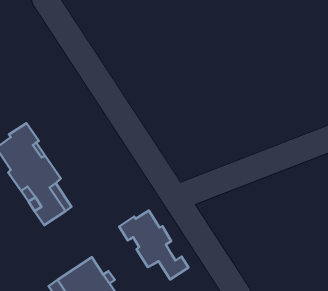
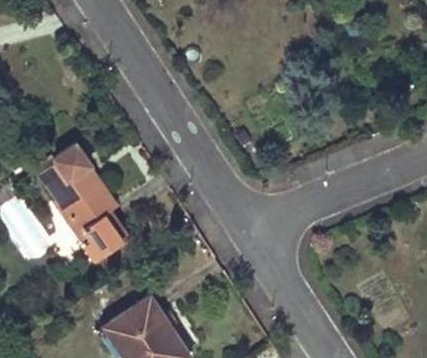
building: [119,210,188,279] -> none

